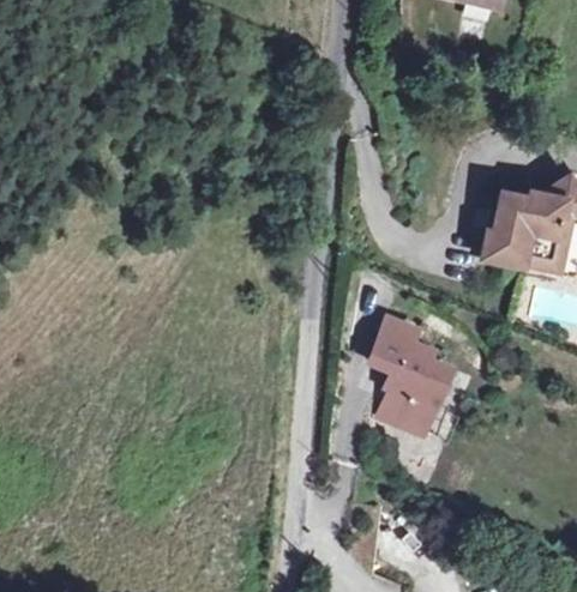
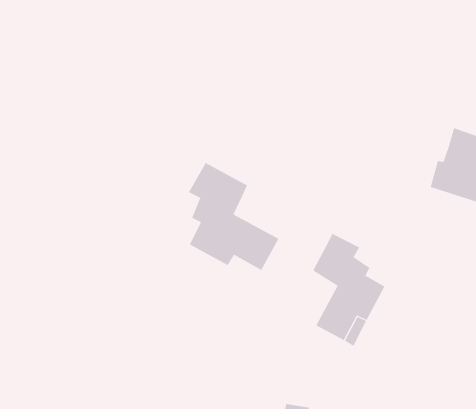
building: none -> [188,162,279,271]

